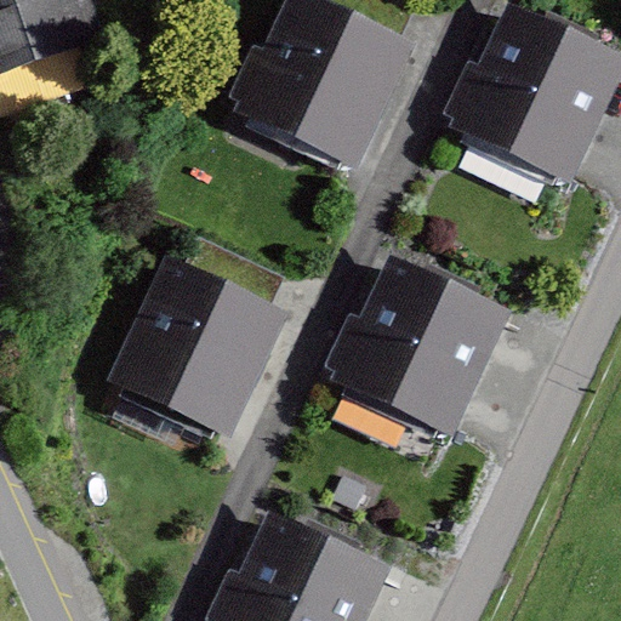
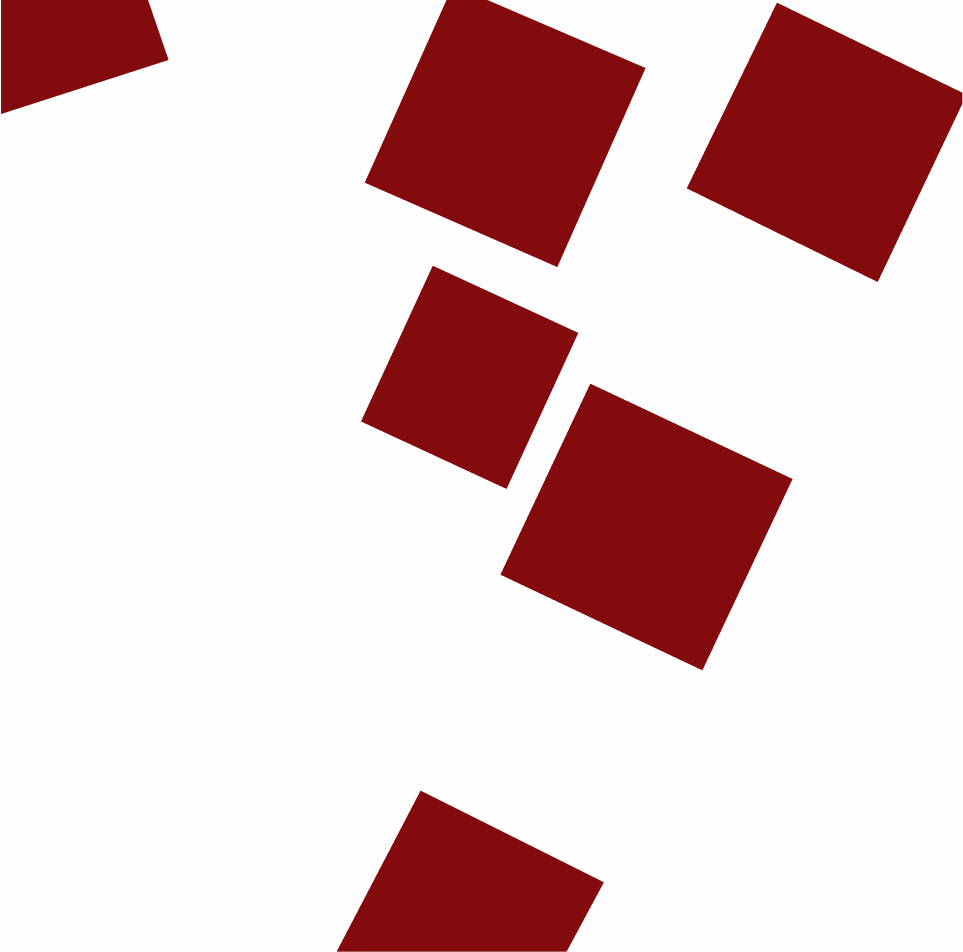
building: none -> [360,265,579,490]
building: [112,263,285,439] -> none

